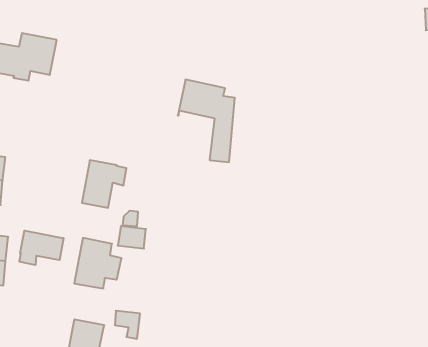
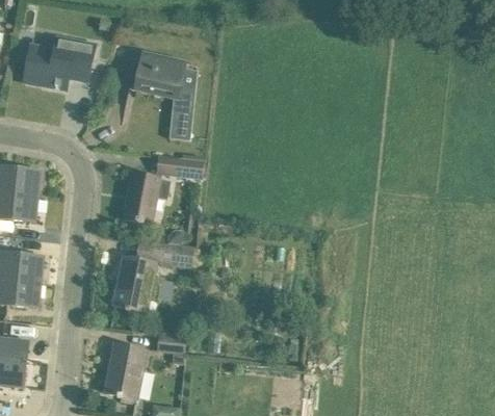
building: [178,80,235,162] -> [133,51,194,139]
building: none -> [157,158,200,179]
building: [19,231,64,265] -> none

